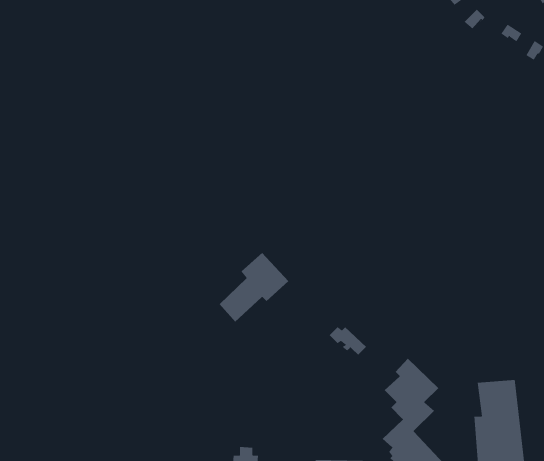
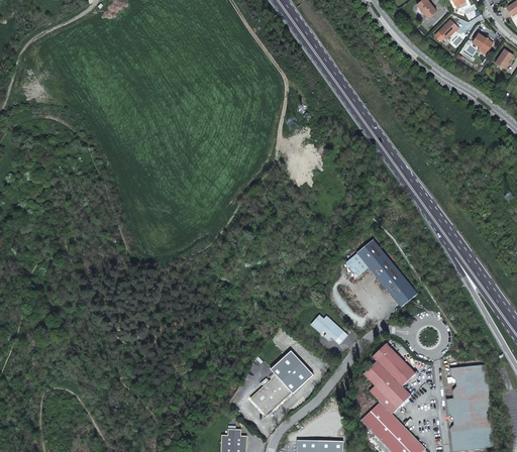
building: none -> [345,240,417,307]
building: [219,252,289,322] -> [249,350,315,416]

